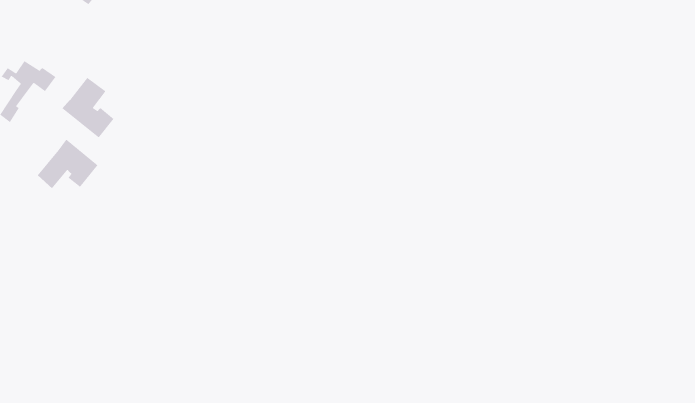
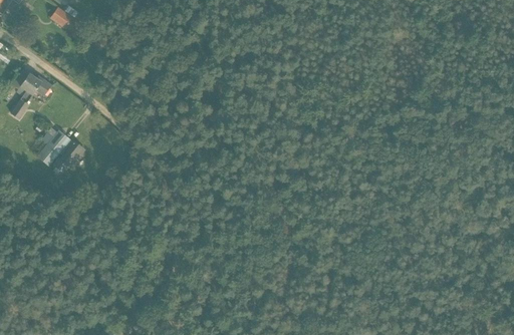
building: [61,77,115,139] -> none

